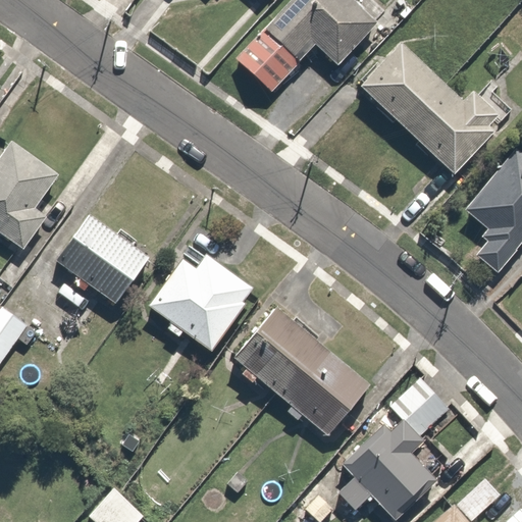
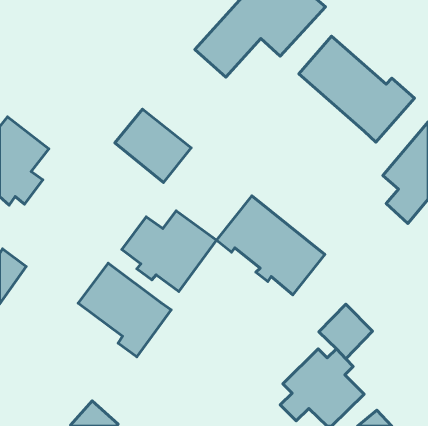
building: [53,216,146,305] -> [115,109,191,182]
building: [230,309,362,429] -> [217,196,325,295]
building: none -> [78,263,171,357]

